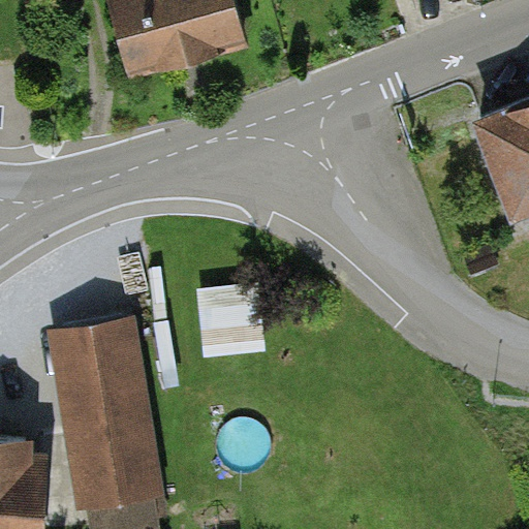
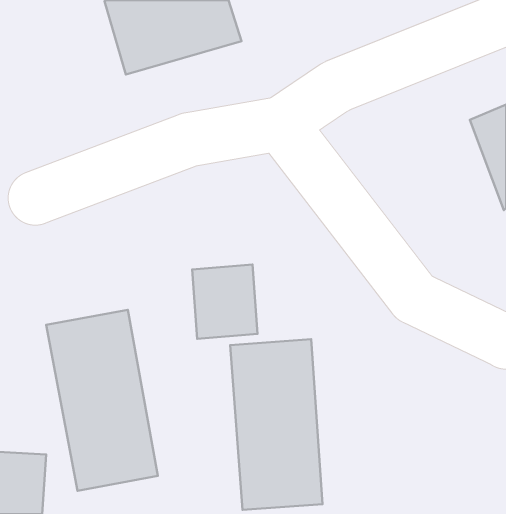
building: none -> [230,339,323,510]

